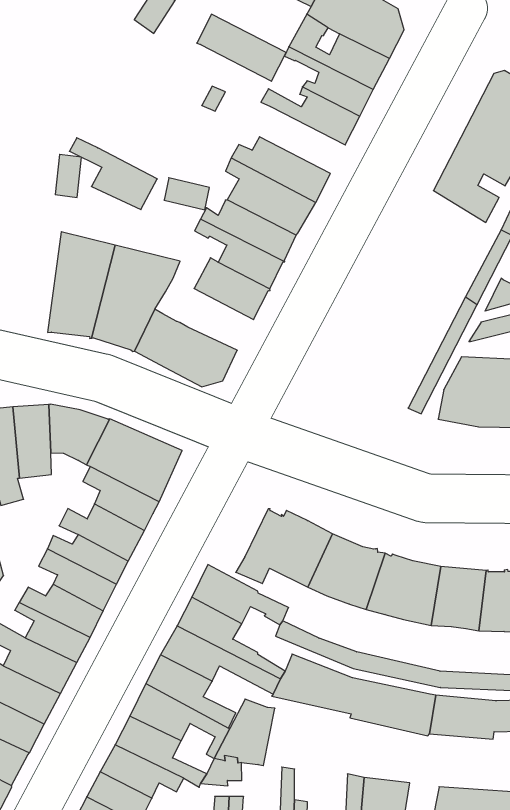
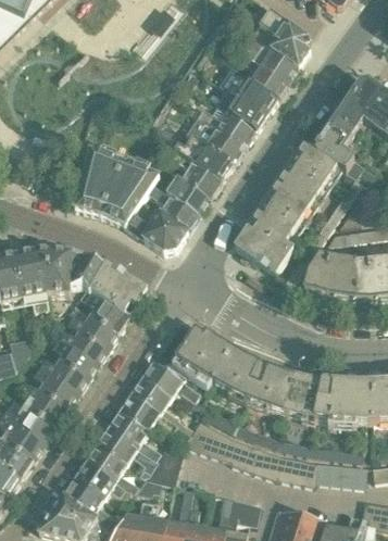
building: [197,14,286,81] -> [213,86,266,130]
building: [69,138,157,210] -> [148,183,199,230]
building: none -> [235,141,341,273]

